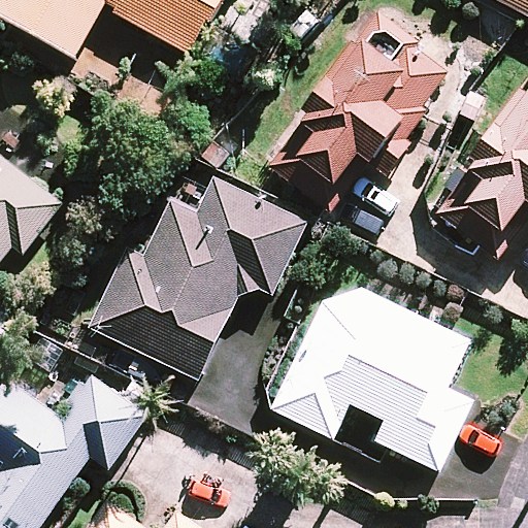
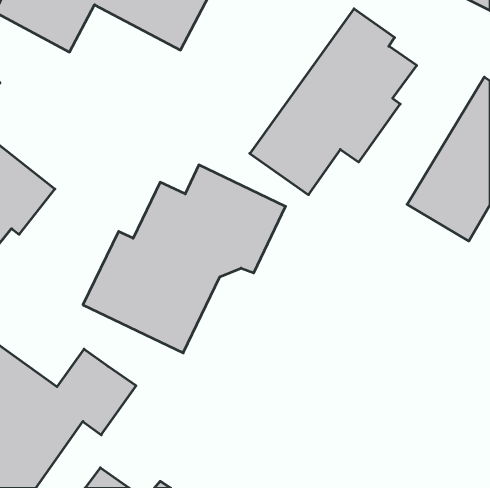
building: [273,279,473,470] -> none

